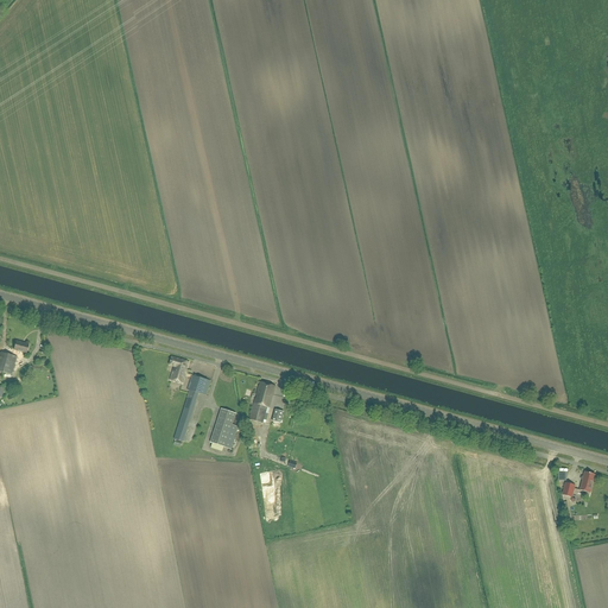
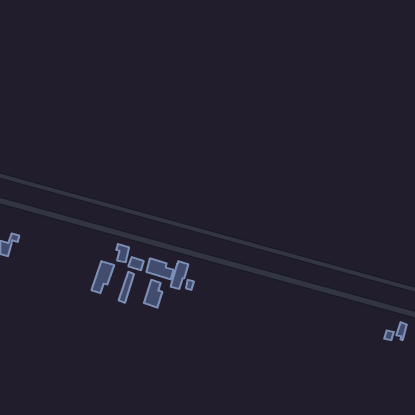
building: none -> [147,258,173,279]
building: none -> [92,261,114,293]

